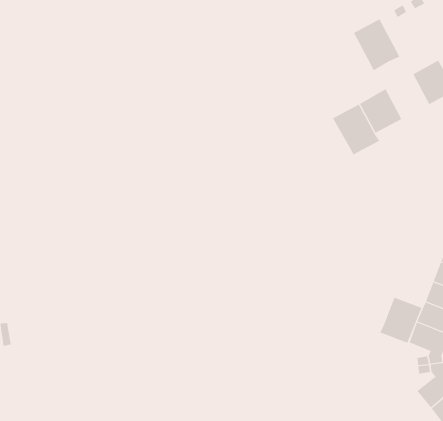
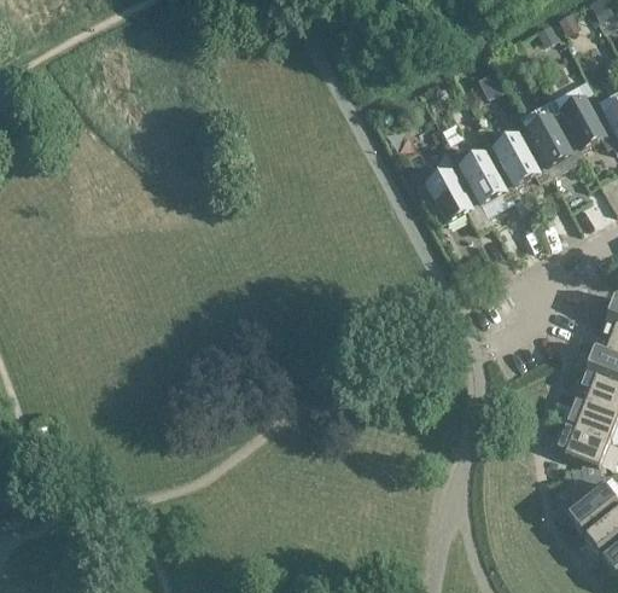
building: [353,19,400,71] -> [529,104,588,170]
building: none -> [427,159,483,216]
building: [380,297,422,344] -> none

